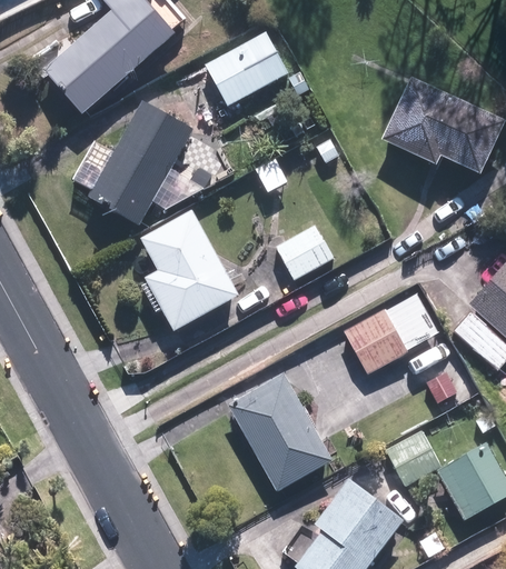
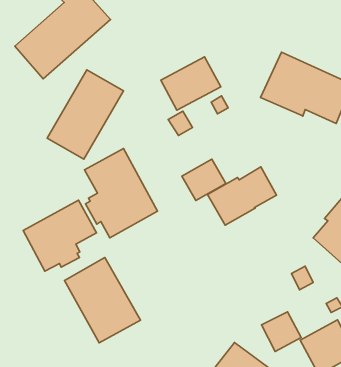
building: [206,31,288,104] -> [161,57,221,110]
building: none -> [23,200,97,271]
building: [343,293,437,373] -> [207,167,276,225]
building: [225,372,329,489] -> [64,258,141,343]

